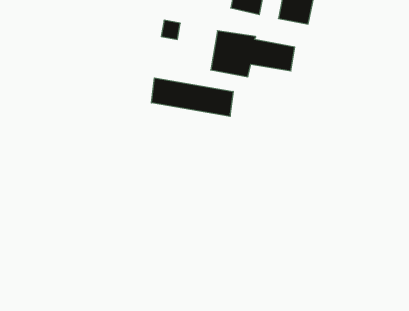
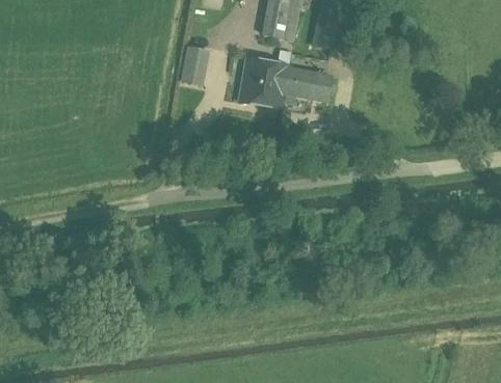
building: [151,78,233,116] -> none

